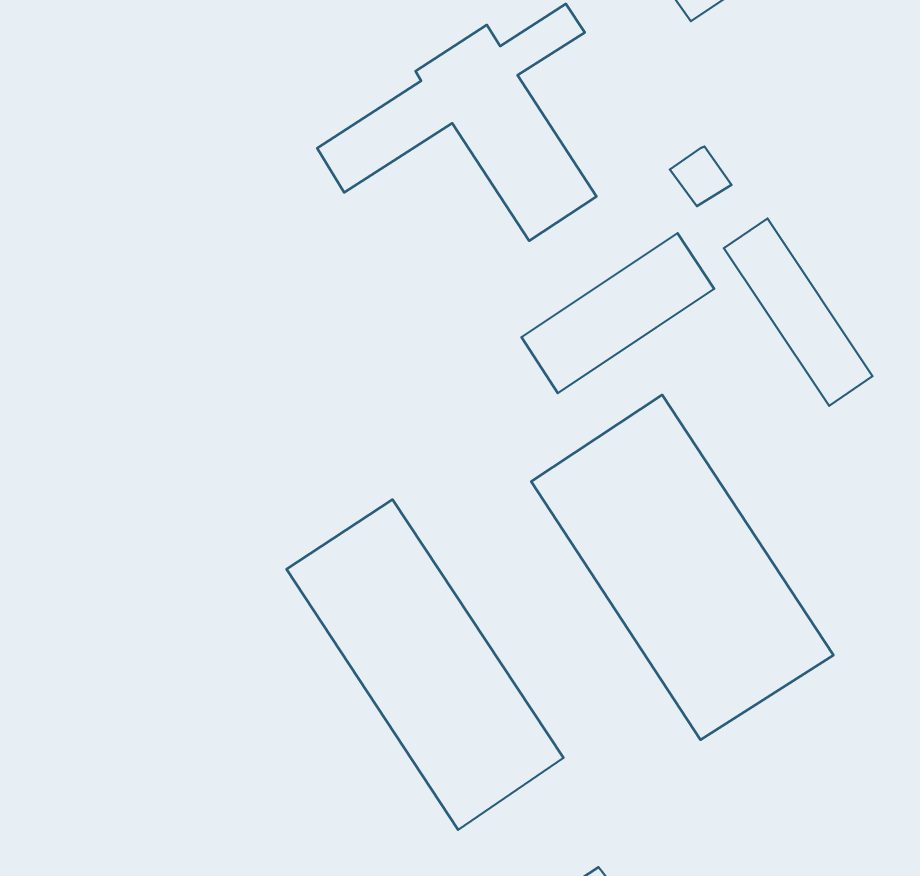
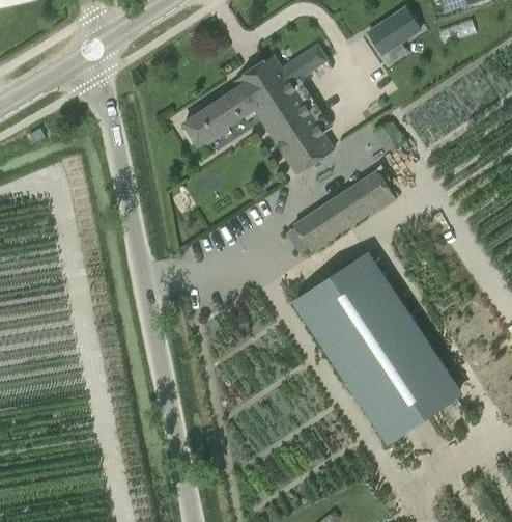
building: [724,218,873,406] -> none
building: [286,500,563,830] -> none

